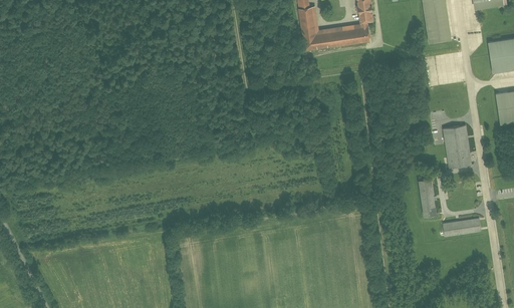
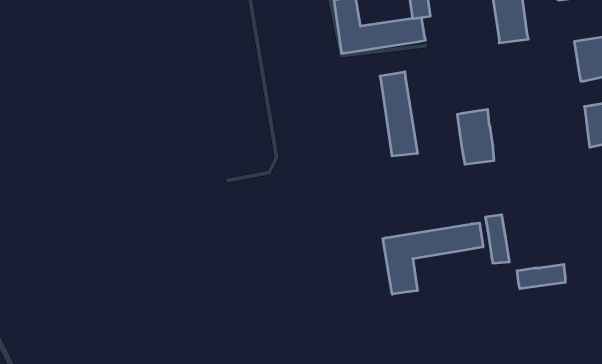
building: none -> [380,72,417,156]
building: [443,124,472,168] -> [457,109,494,164]
building: none -> [383,223,483,294]

